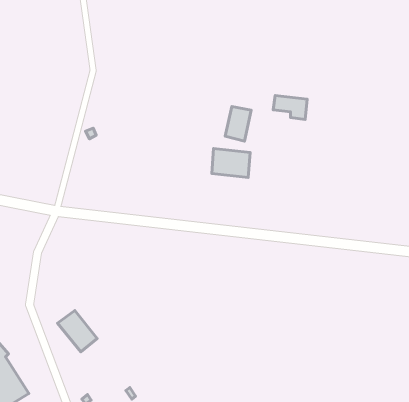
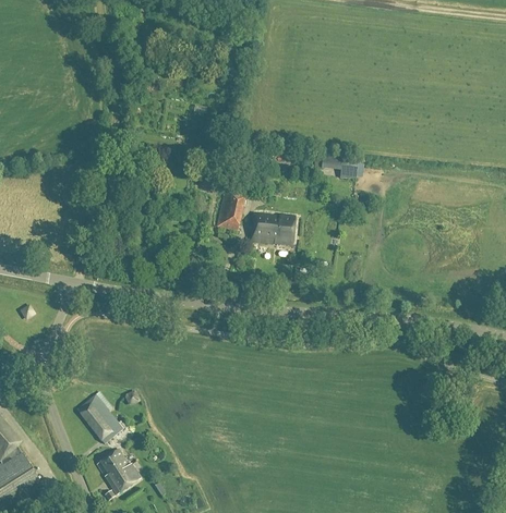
building: [225,106,251,141] -> [216,193,245,232]
building: none -> [96,450,140,493]

